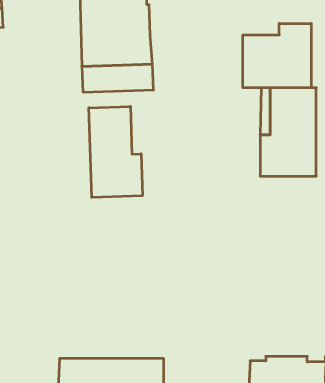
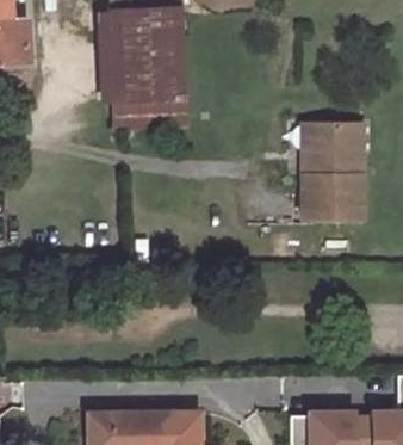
building: [243,23,311,88] -> none
building: [89,106,142,197] -> none

